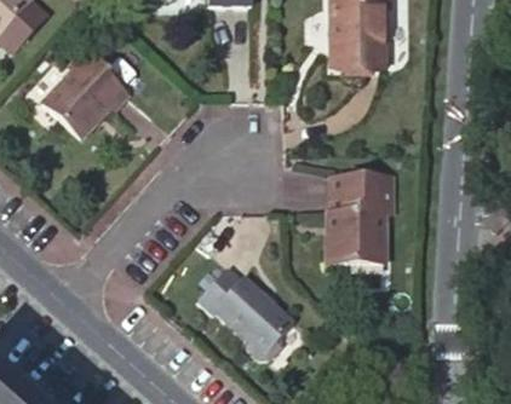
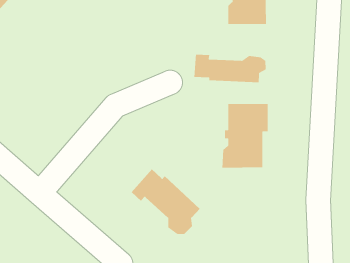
building: [40,47,127,139] -> none
building: none -> [194,54,266,83]

